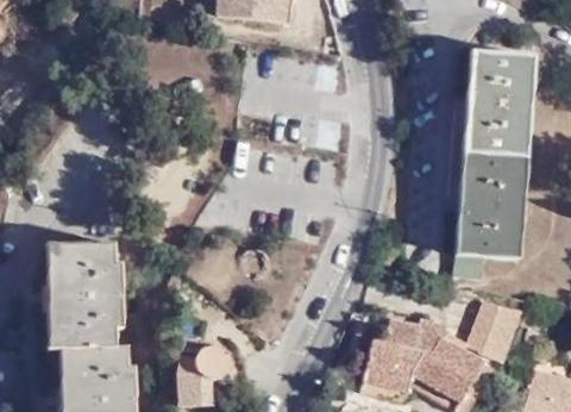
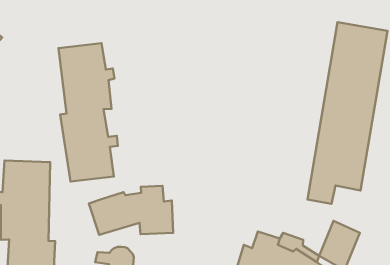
building: none -> [58,43,118,182]
building: none -> [89,186,173,235]

